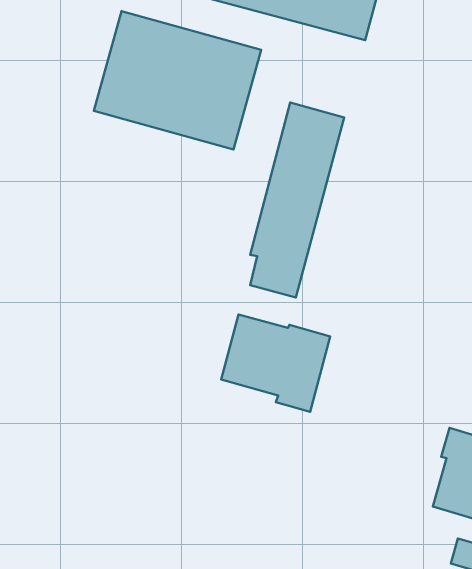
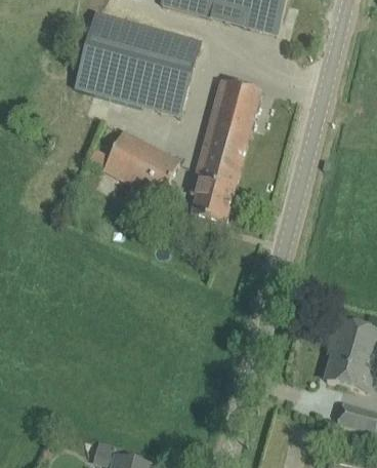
building: none -> [102,133,178,199]
building: [221,315,330,412] -> none

